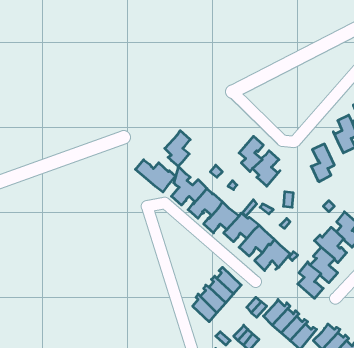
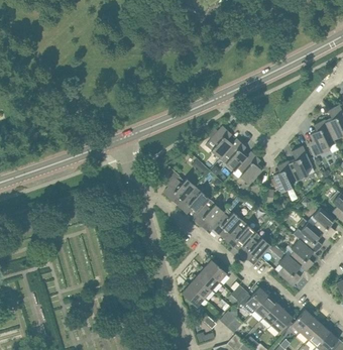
building: [165,131,190,166] -> [208,125,231,157]
building: [135,160,176,192] -> none
building: none -> [272,160,296,192]

